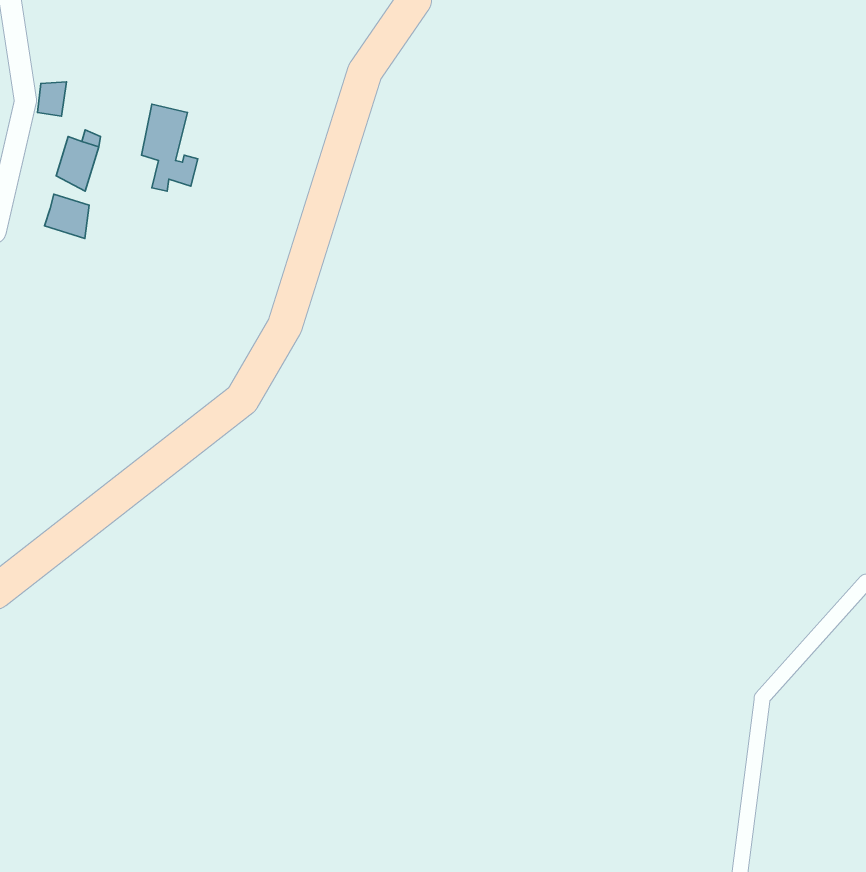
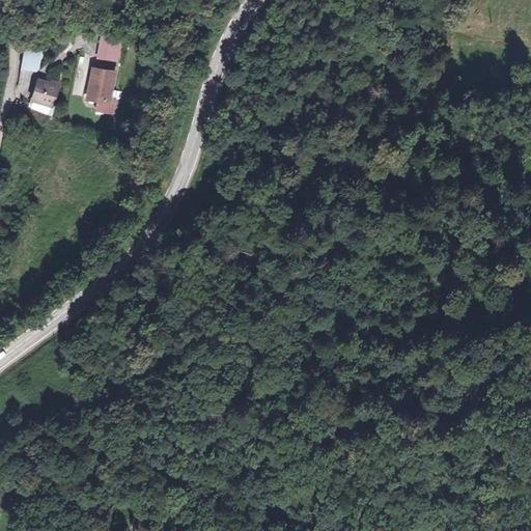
building: none -> [94,36,117,60]
building: [45,194,89,238] -> none

